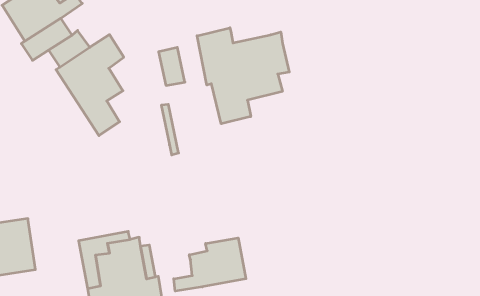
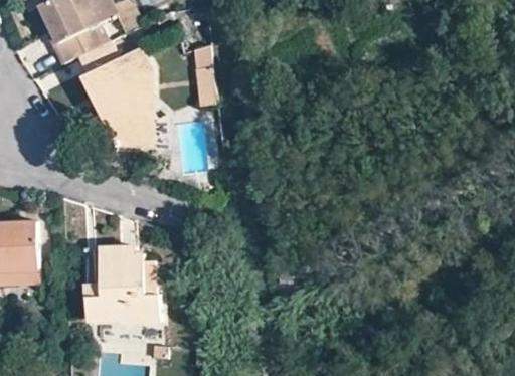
building: [197,28,289,124] -> none
building: none -> [118,73,153,148]
building: [174,238,246,291] -> none

